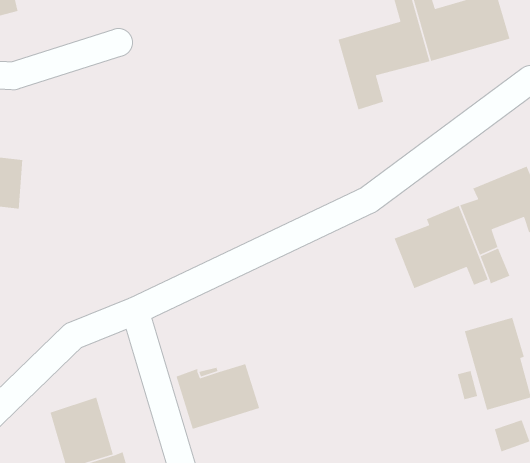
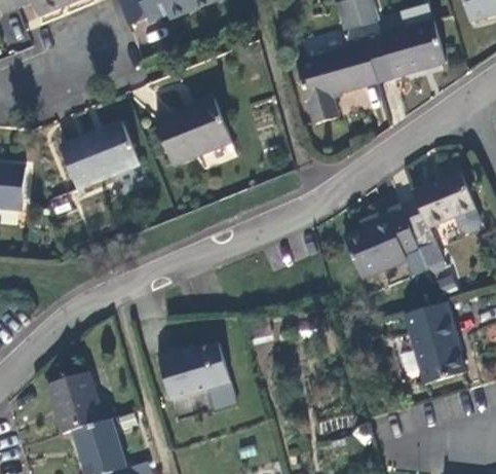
building: none -> [156,97,232,163]
building: none -> [61,120,140,188]

